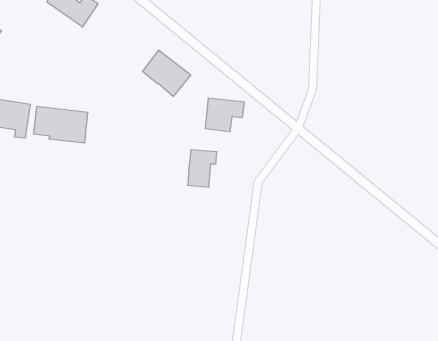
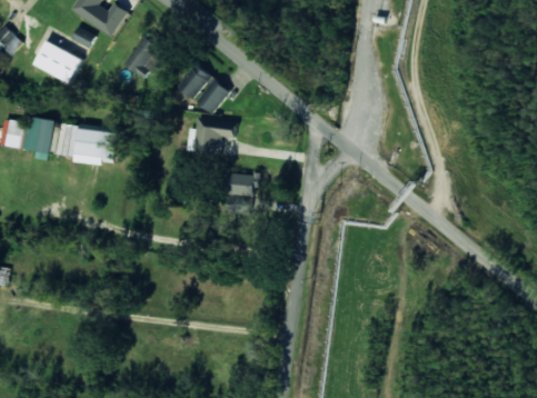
building: none -> [123,36,163,77]
building: none -> [34,41,81,81]
building: [205,98,244,131] -> [192,117,236,153]

